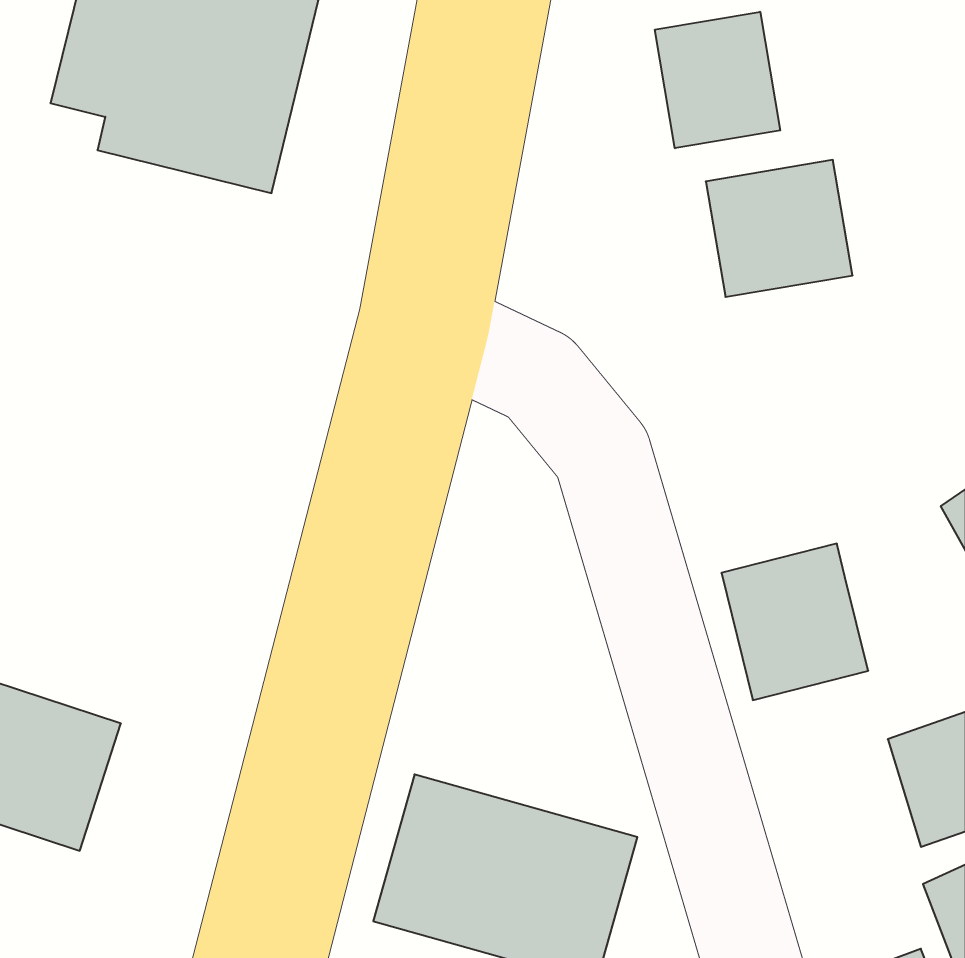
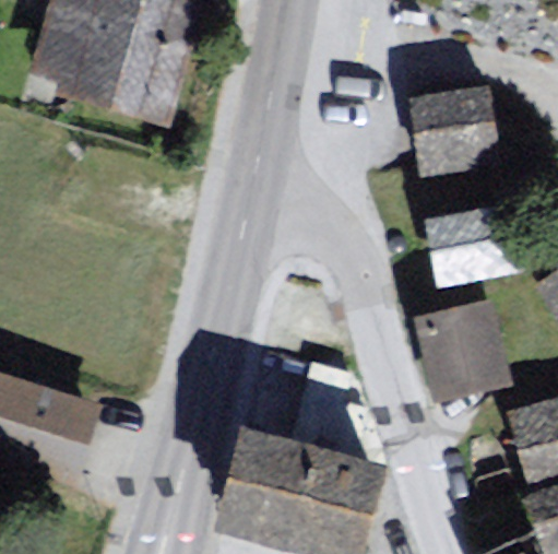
building: [655,12,780,148] -> none
building: none -> [428,202,521,275]

